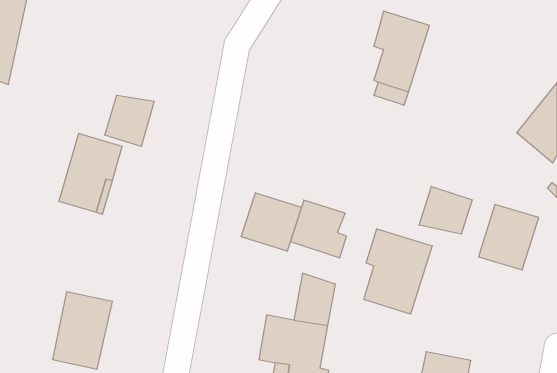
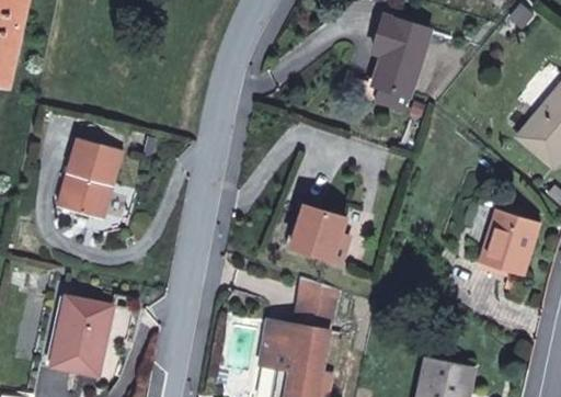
building: [105,95,154,147] -> none
building: [419,186,472,234] -> none
building: [241,193,301,251] -> none
building: [364,229,432,314] -> none

